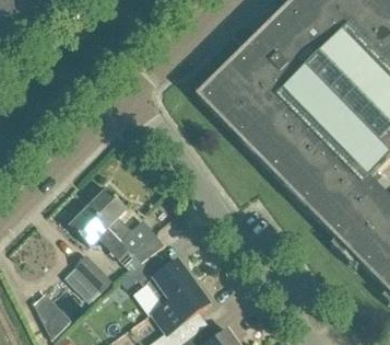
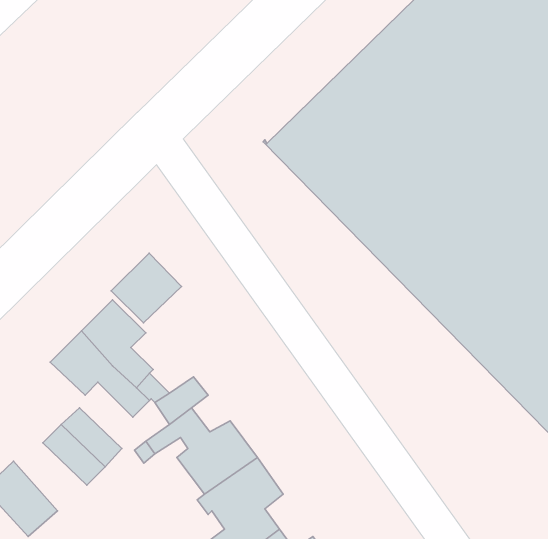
building: none -> [111,253,182,323]

